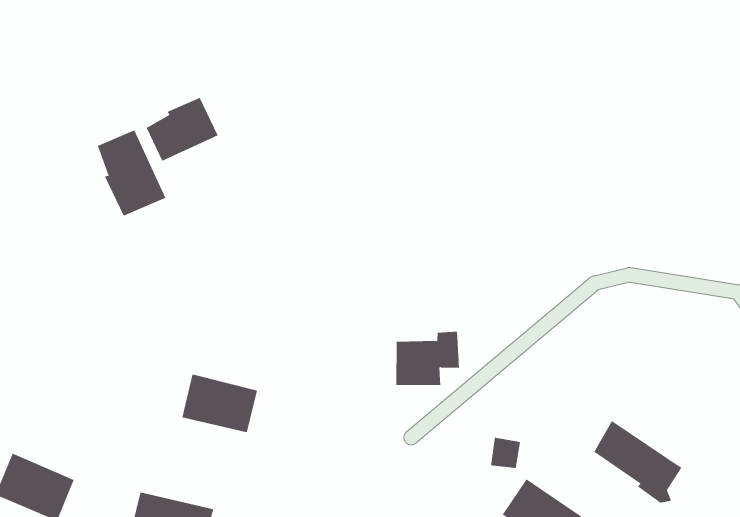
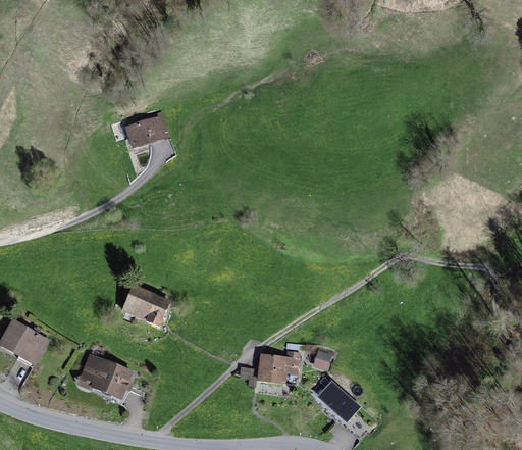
building: [97,129,166,216] -> none
building: [395,331,460,386] -> [257,351,301,385]
building: [593,420,682,503] -> none

